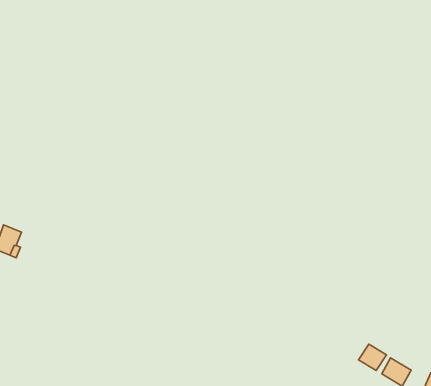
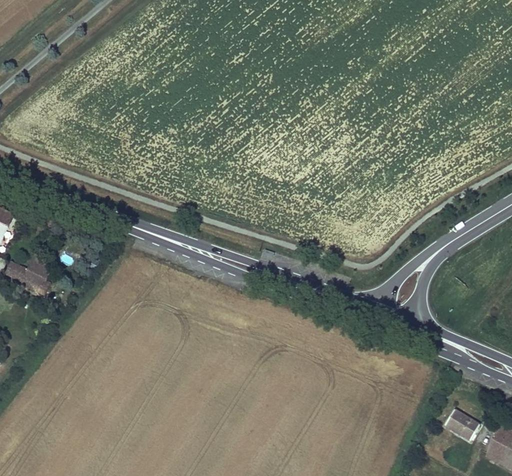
building: [359,344,387,370] -> none

